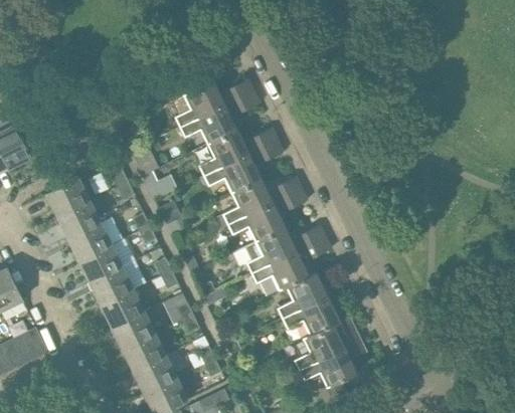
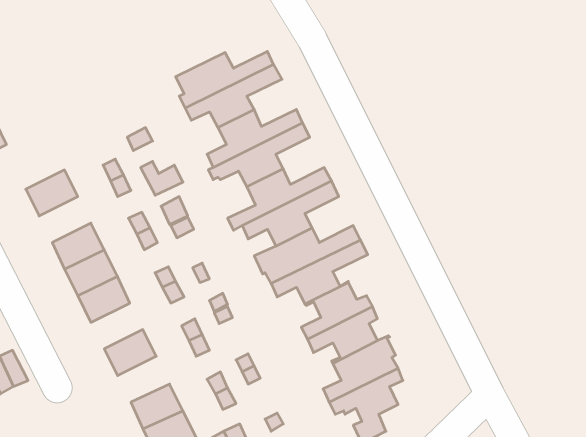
building: [57,200,101,238] -> none
building: [101,288,144,327] -> none
building: [123,333,166,371] -> none

